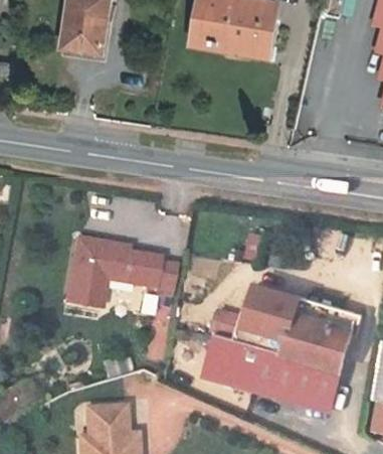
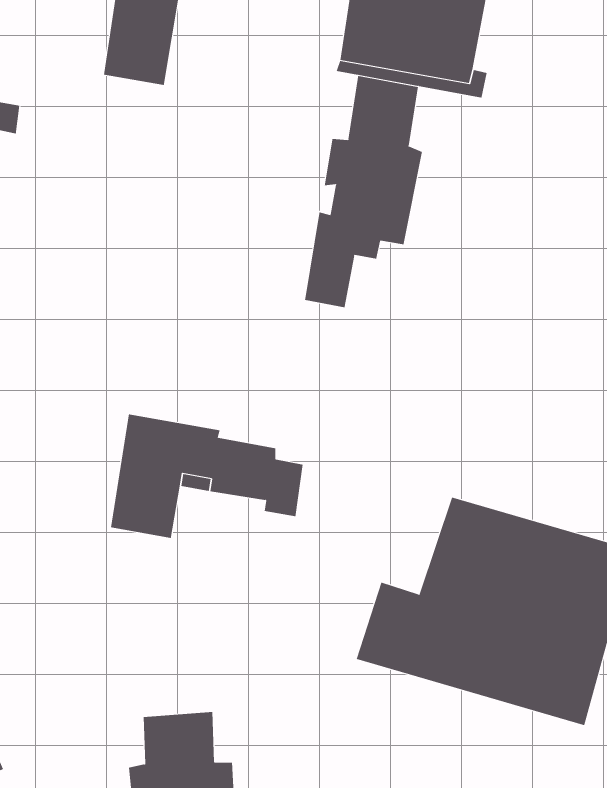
building: none -> [304,75,423,308]

